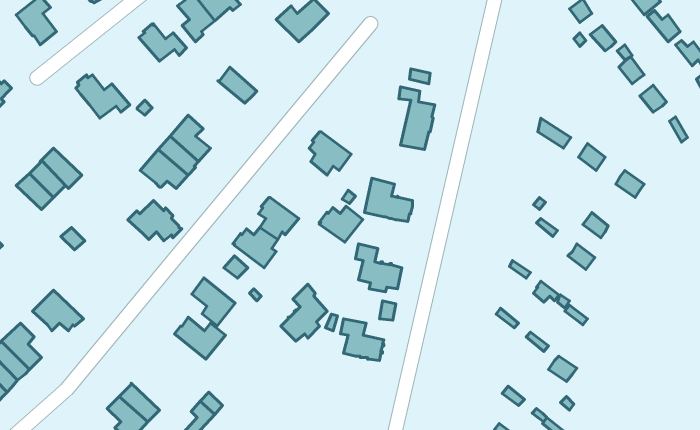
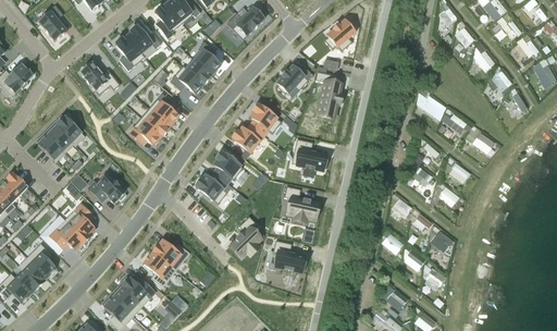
building: none -> [324,20,355,51]
building: none -> [115,36,145,71]
building: none -> [193,41,220,75]
building: none -> [170,65,203,94]
building: none -> [276,65,312,94]
building: [128,201,182,241] -> [87,173,126,203]
building: [319,206,363,242] -> [232,126,263,152]
building: none -> [64,204,95,241]
building: [192,278,235,326] -> [144,252,175,286]
building: none -> [120,278,154,307]

